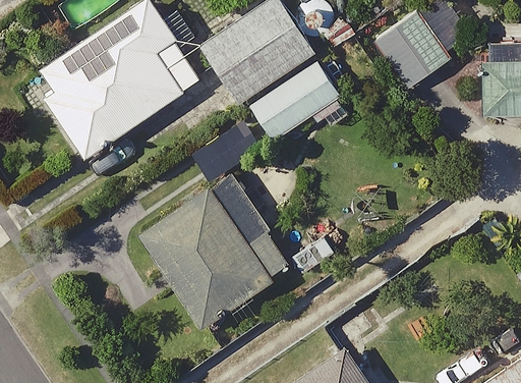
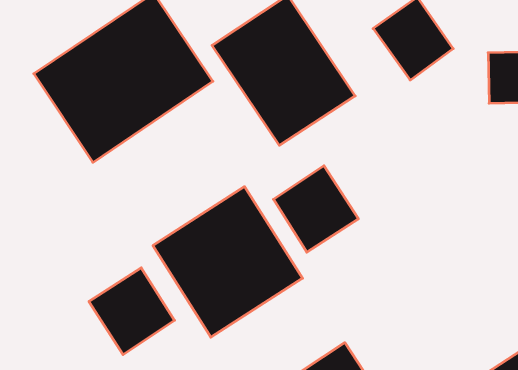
building: none -> [273,166,358,252]
building: none -> [89,268,175,355]

